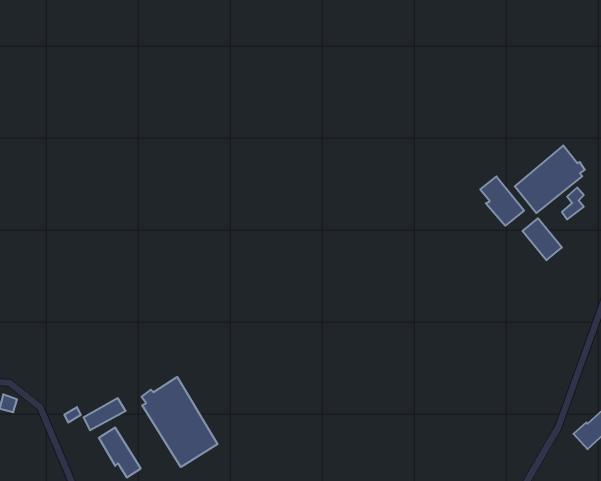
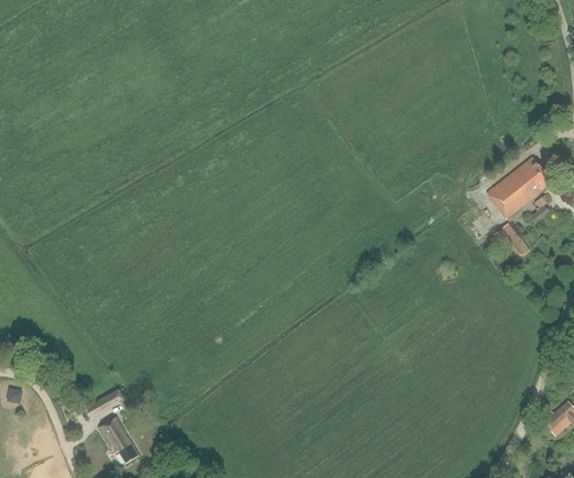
building: [480,176,524,226] -> none
building: [142,377,218,467] -> none

